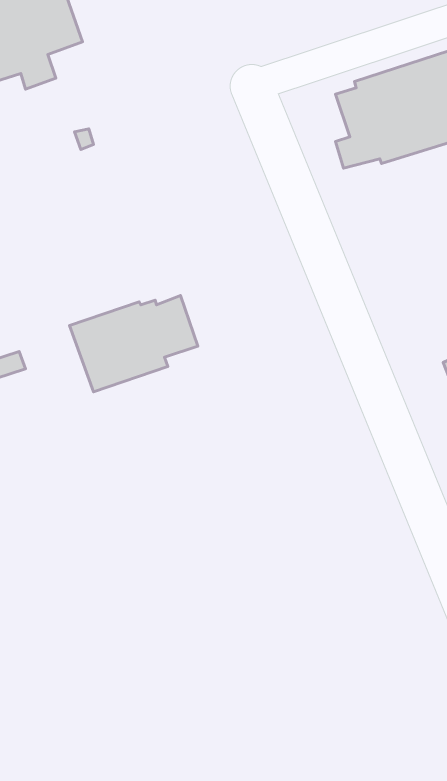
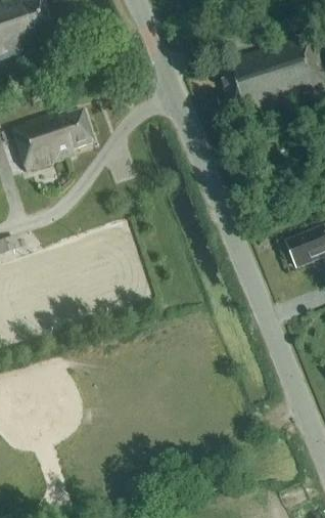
building: [70,296,198,392] -> [10,107,93,170]

